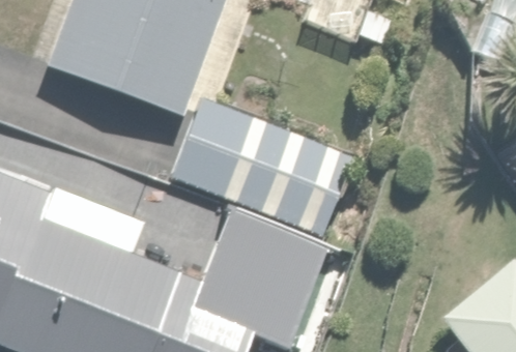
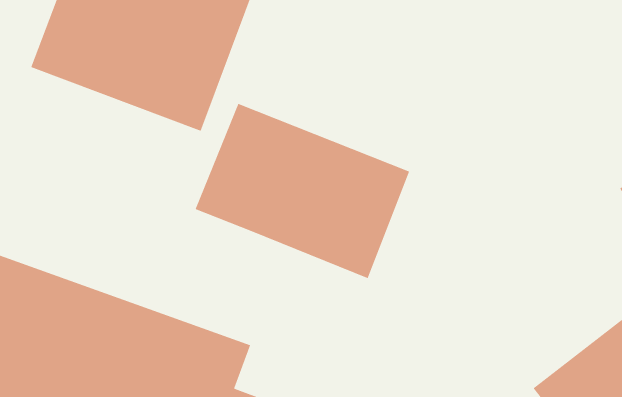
building: [194,196,345,307] -> none

